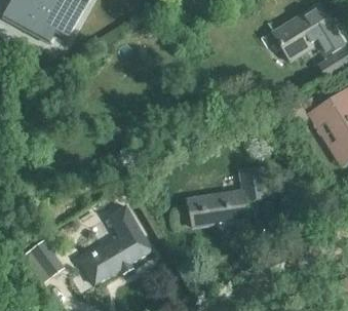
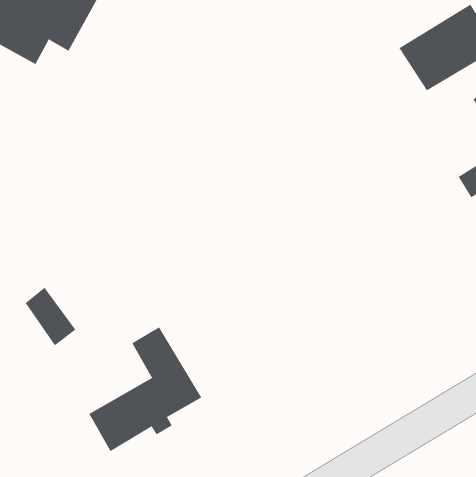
building: [187,168,266,227] -> none
building: [30,240,62,277] -> [25,287,76,346]

